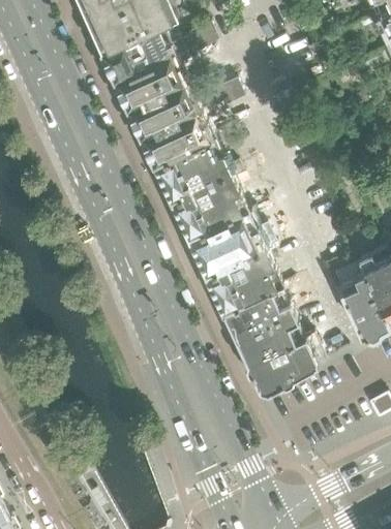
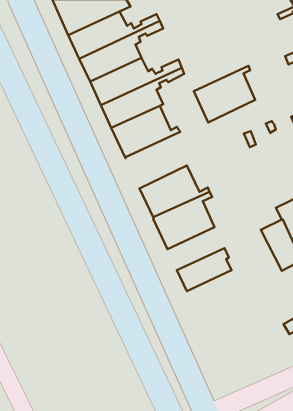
building: [170,167,245,237] -> [194,66,255,122]
building: [221,284,292,337] -> none
building: [245,331,324,391] -> none

